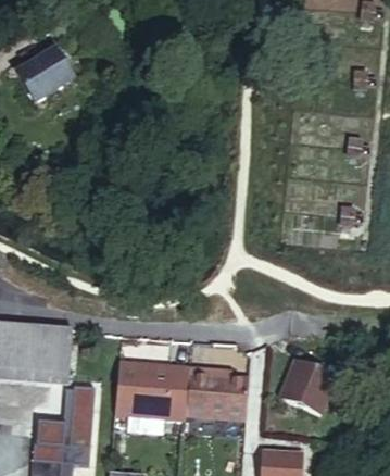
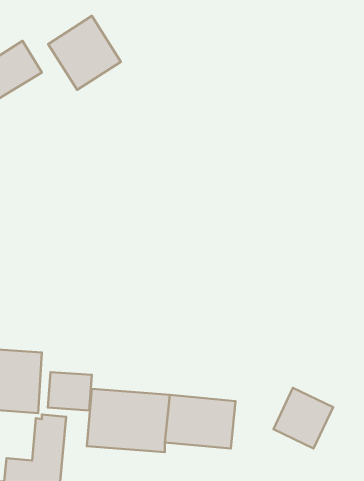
building: none -> [48,16,121,90]
building: none -> [48,372,92,410]

